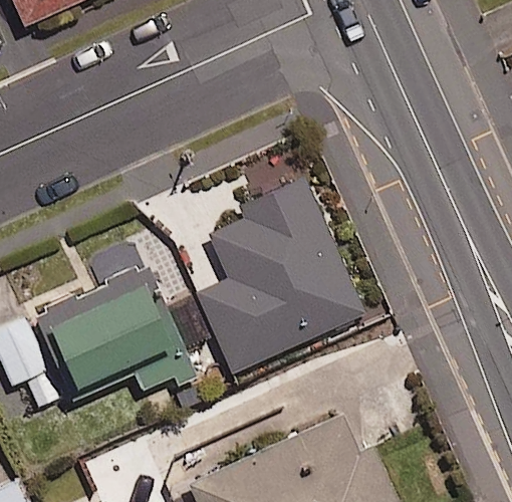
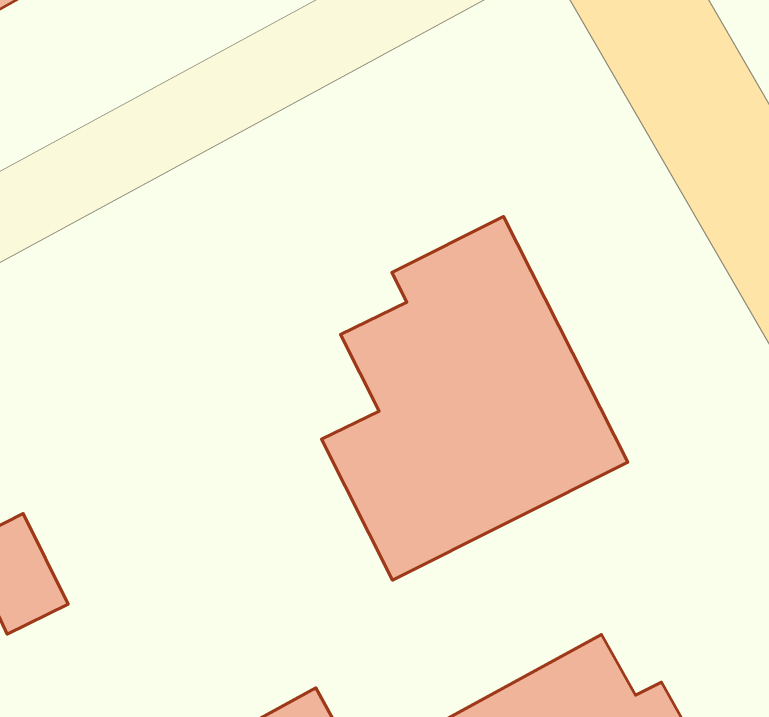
building: [34,264,187,402] -> none

